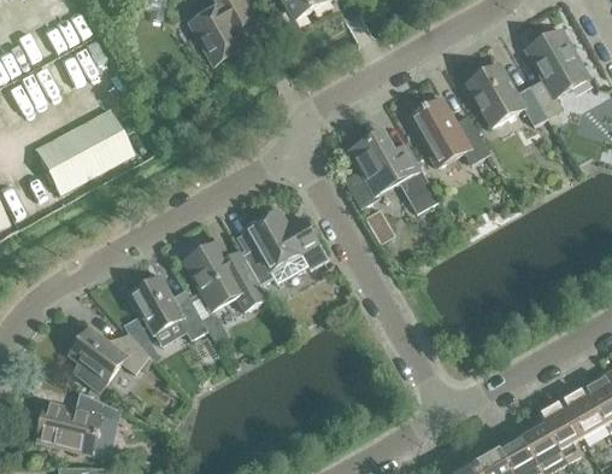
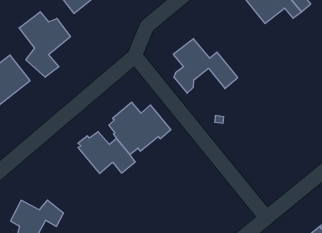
building: none -> [19,12,70,77]
building: [407,98,489,168] -> none
building: [130,276,210,347] -> none

